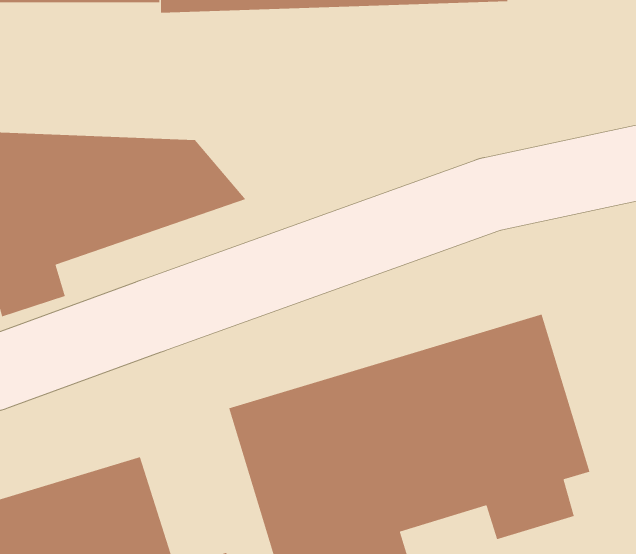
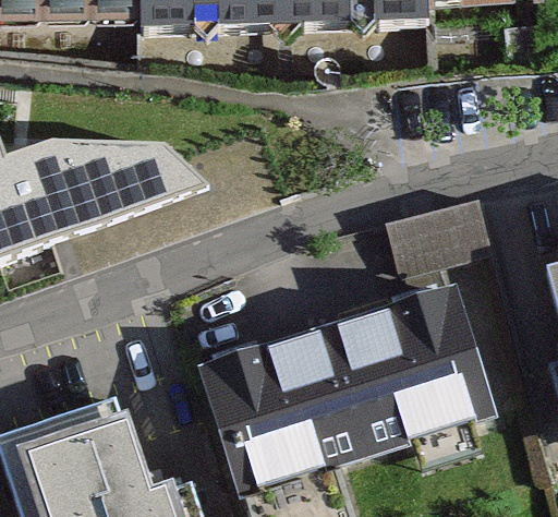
building: none -> [385,194,493,274]

